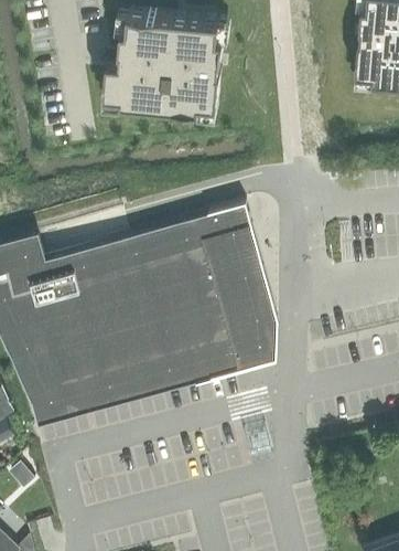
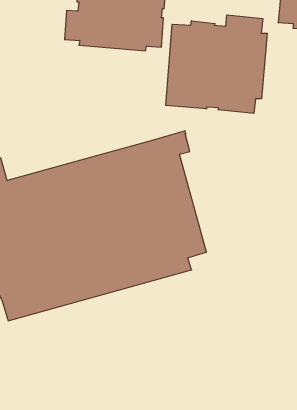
building: none -> [166,15,267,113]

